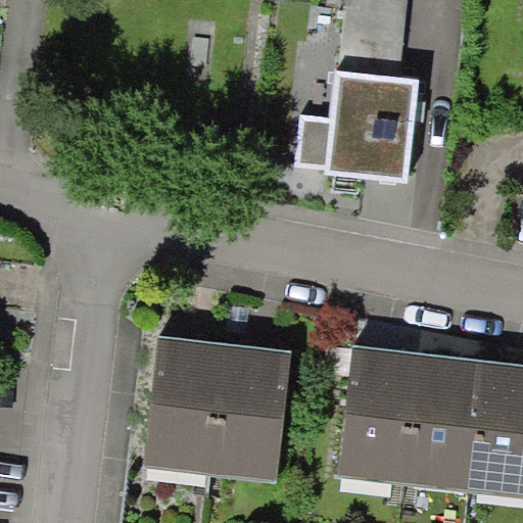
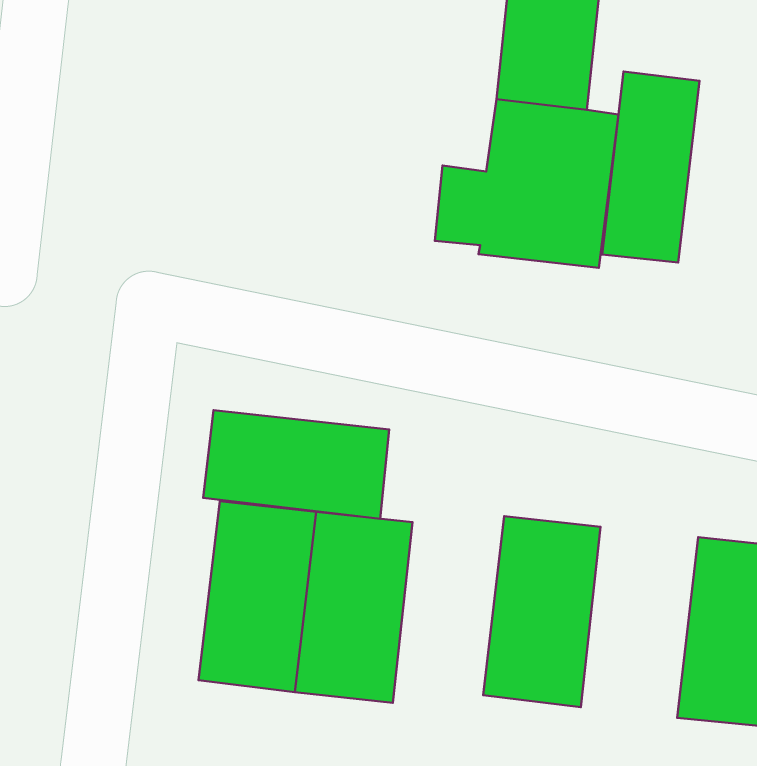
building: none -> [602,71,699,263]
building: none -> [203,410,389,519]
building: [402,358,482,487] -> none

